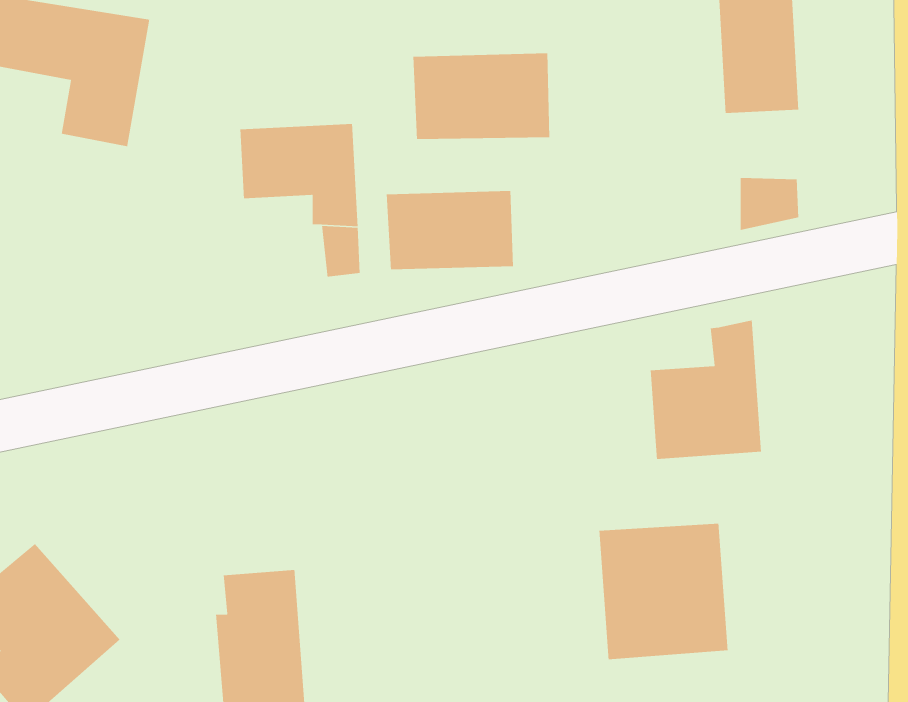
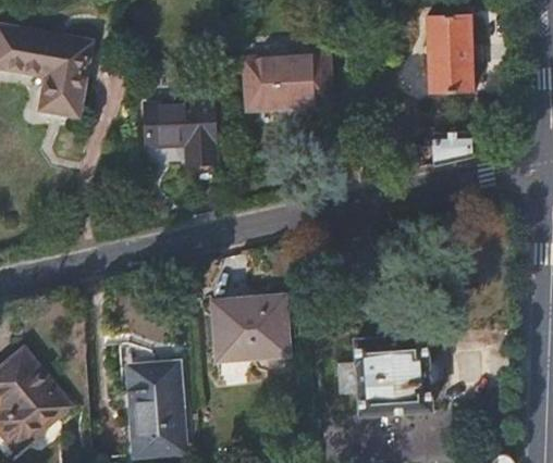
building: [386,190,514,270] -> none
building: [650,320,762,460] -> none
building: none -> [212,295,287,359]

